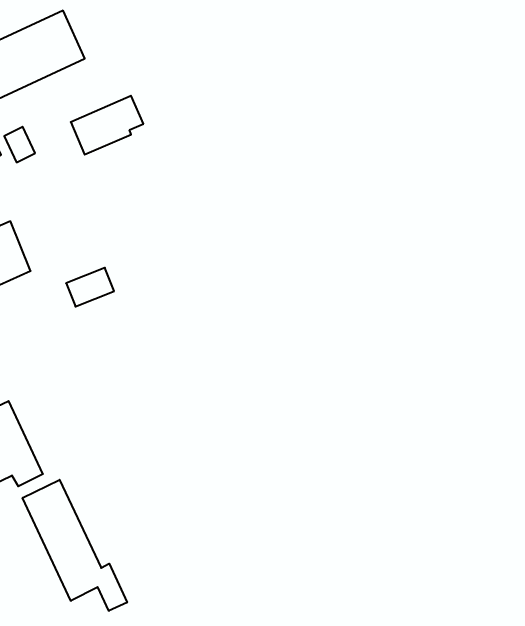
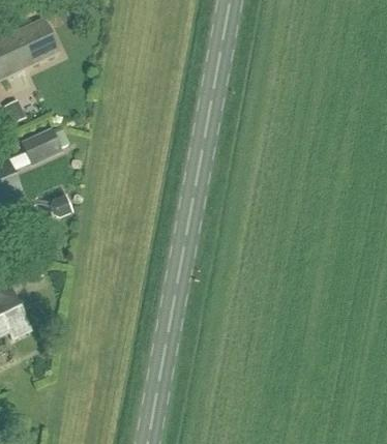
building: [71,96,143,155] -> [21,122,69,161]
building: [23,480,127,611] -> none

